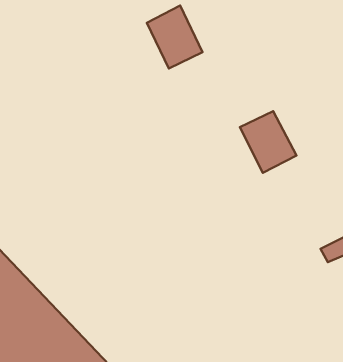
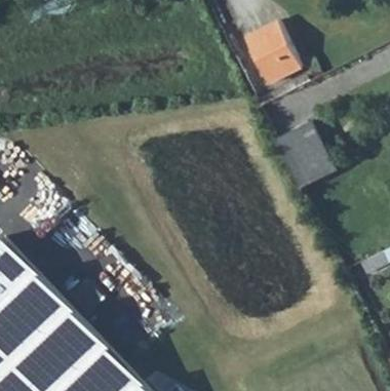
building: [147,6,202,68] -> [243,21,300,84]

